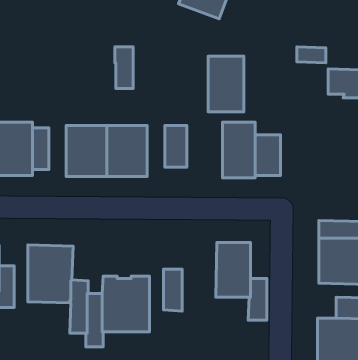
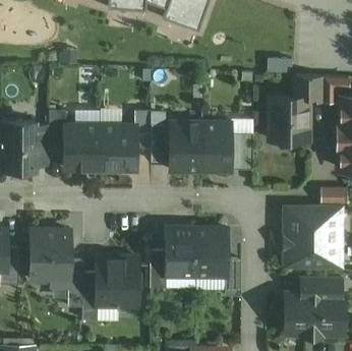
building: [115,47,133,88] -> [134,111,151,148]
building: [208,56,244,112] -> [170,122,201,171]
building: none -> [270,98,308,140]
building: none -> [49,110,65,148]
building: none -> [166,228,196,276]

